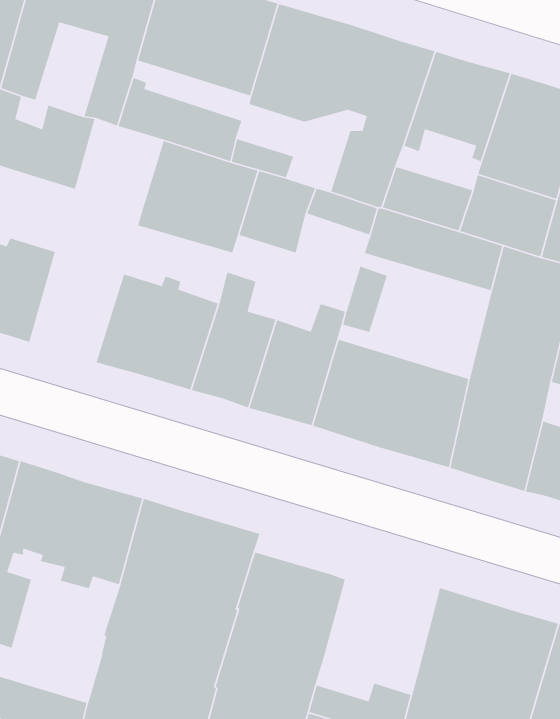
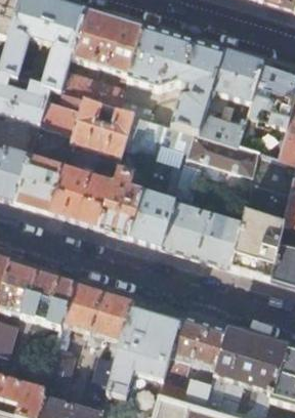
building: none -> [40,87,86,135]
building: none -> [17,156,66,213]
building: none -> [169,316,228,372]

